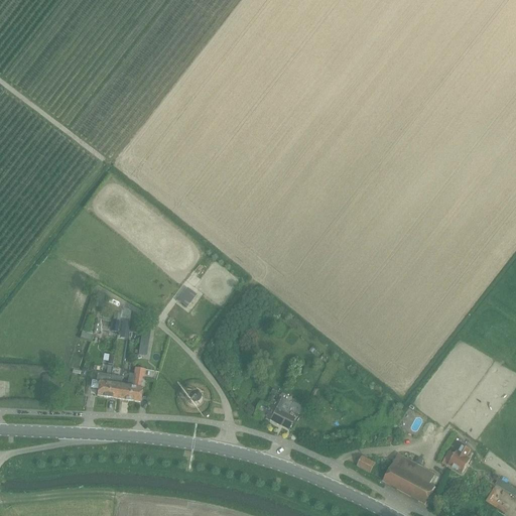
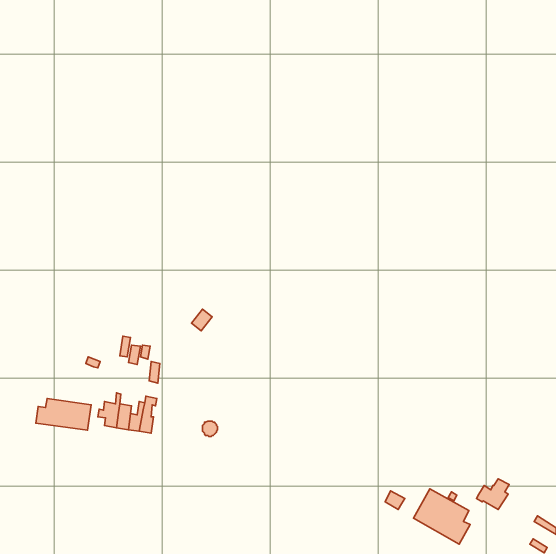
building: none -> [36,399,91,430]
building: [270,398,294,428] -> none

